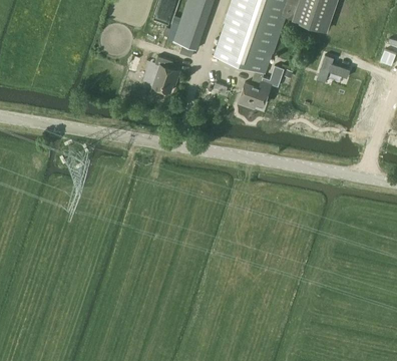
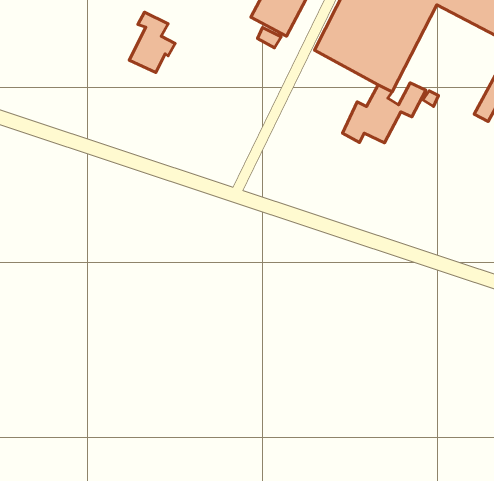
building: [152,57,178,92] -> [129,12,175,72]

